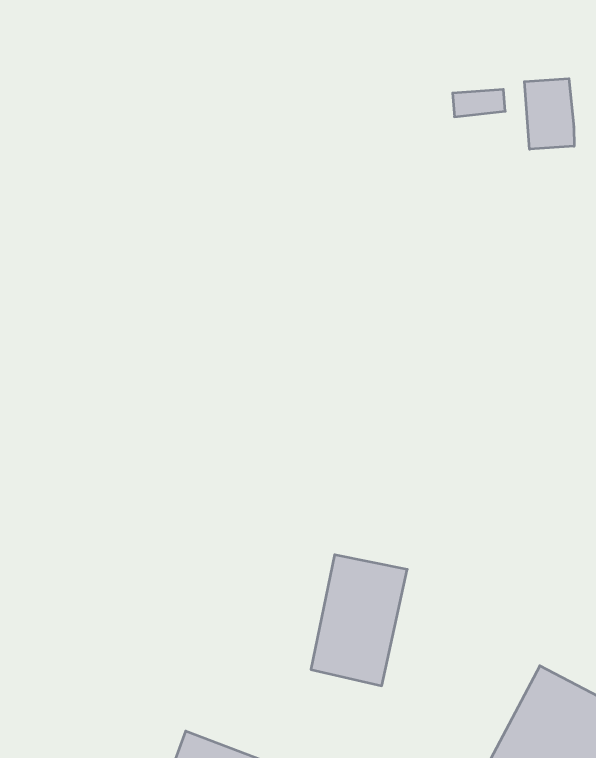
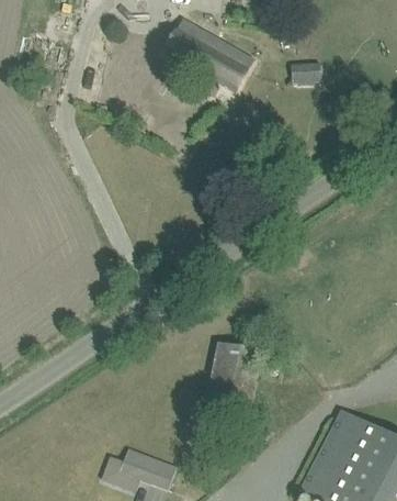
building: none -> [165,16,251,90]
building: [524,79,574,149] -> none

